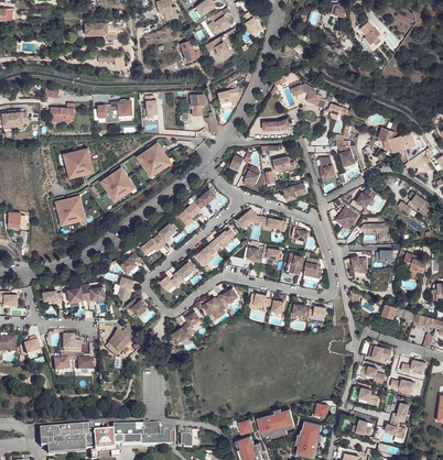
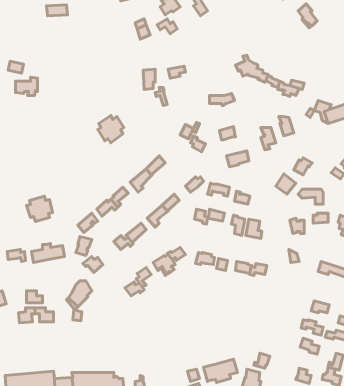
building: [97,98,133,122] -> none
building: [63,147,93,177] -> none
building: [104,168,134,198] -> none
building: [56,196,85,223] -> [26,196,53,221]

